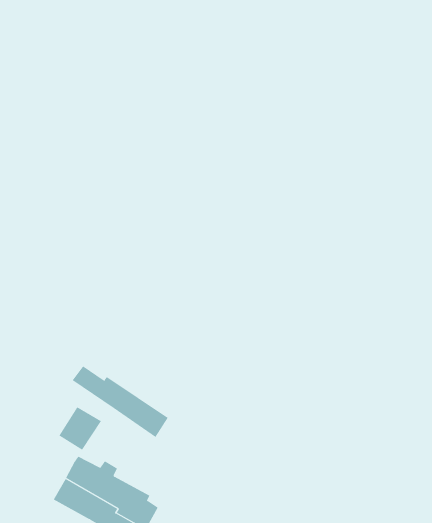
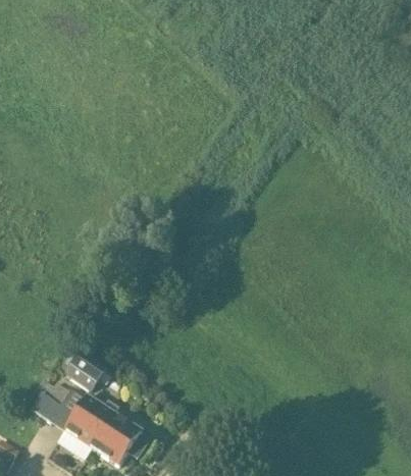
building: [72,365,169,438] -> none
building: none -> [29,388,63,420]

